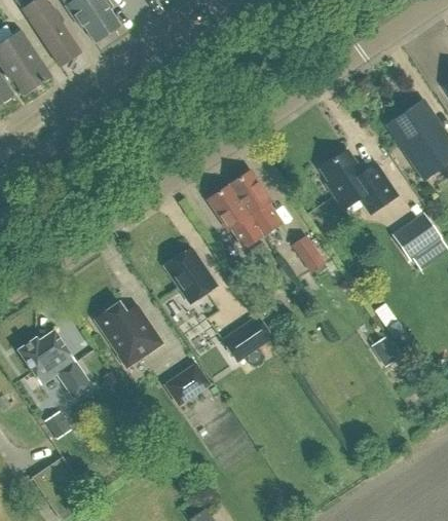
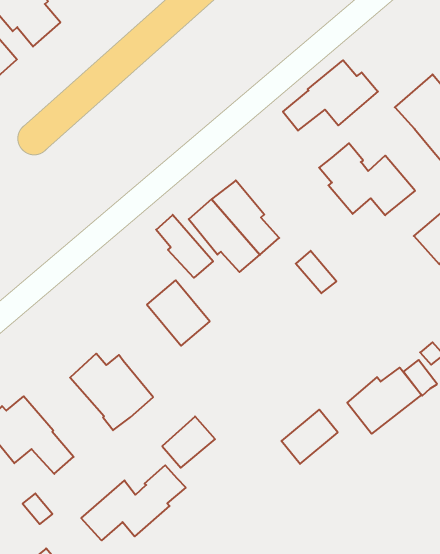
building: none -> [283,60,378,131]
building: none -> [156,215,213,278]
building: [223,315,270,359] -> [281,410,338,464]
building: none -> [347,368,422,434]
building: none -> [81,465,186,540]

